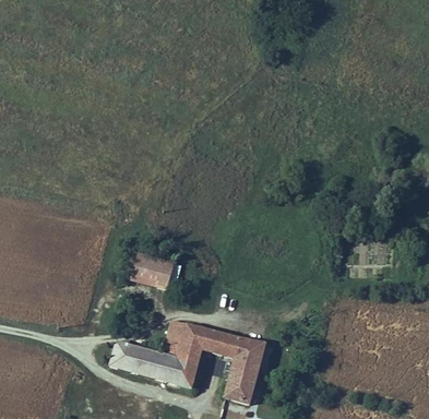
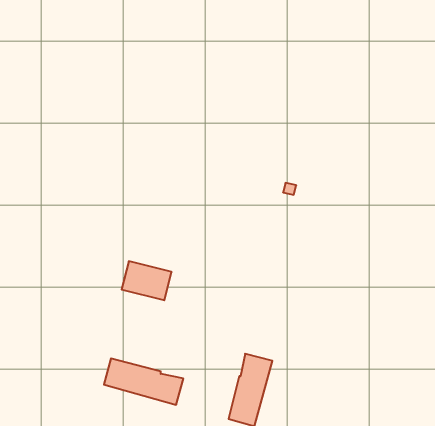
building: [164,320,241,386] -> none

